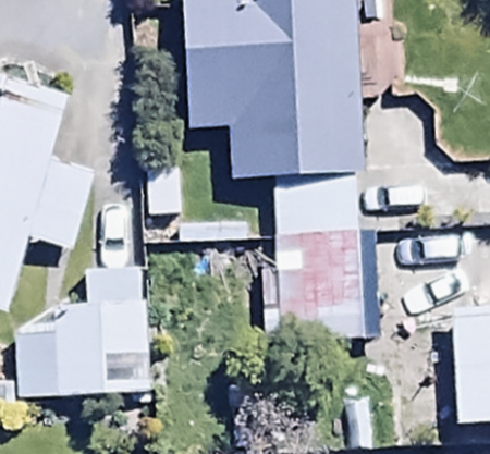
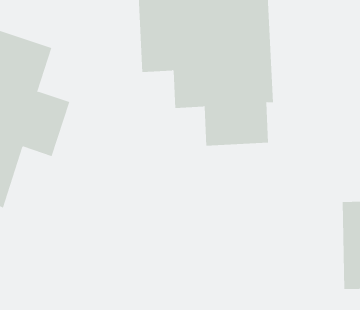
building: [274,229,383,344] -> none
building: [17,266,146,392] -> none

